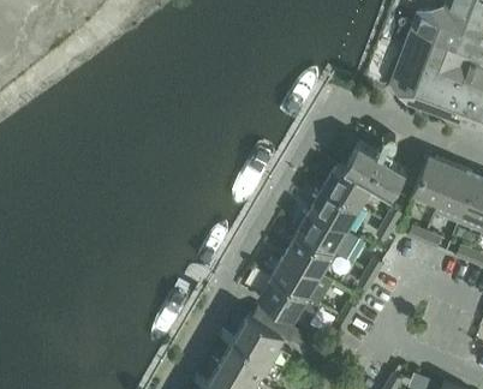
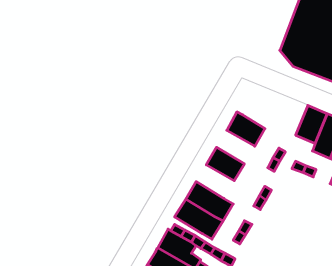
building: [345,143,406,196] -> none
building: [311,187,360,231] -> none
building: [285,232,334,275] -> none

